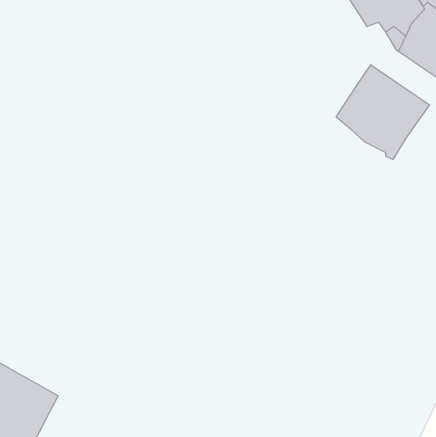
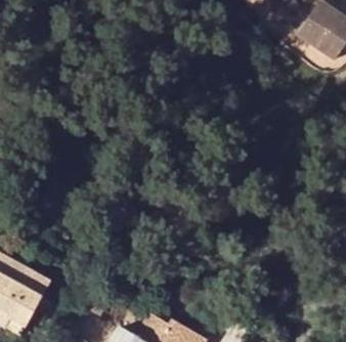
building: [336,65,430,160] -> none

